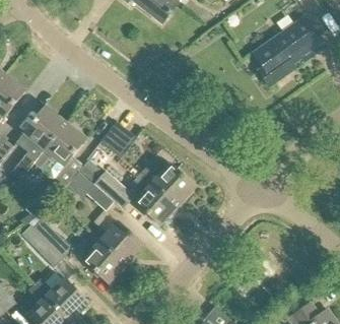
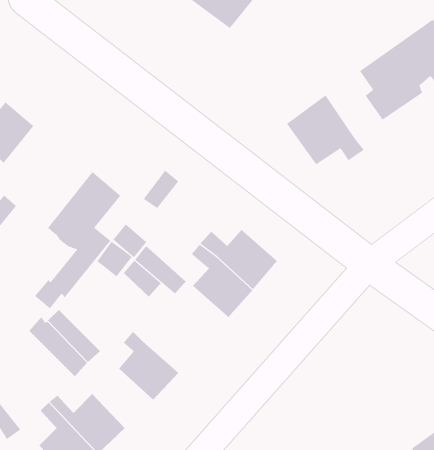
building: none -> [286,95,365,165]
building: [15,106,65,176] -> none
building: [93,220,143,263] -> none

